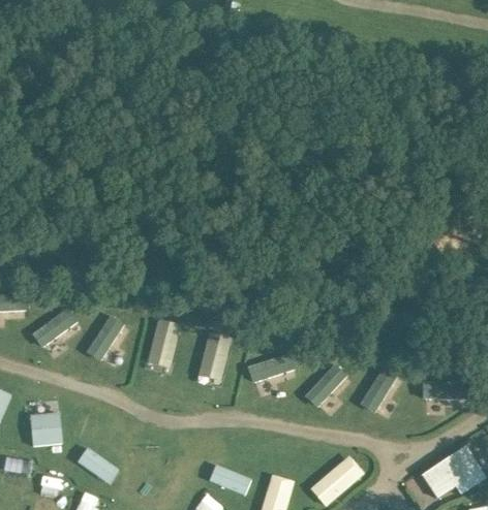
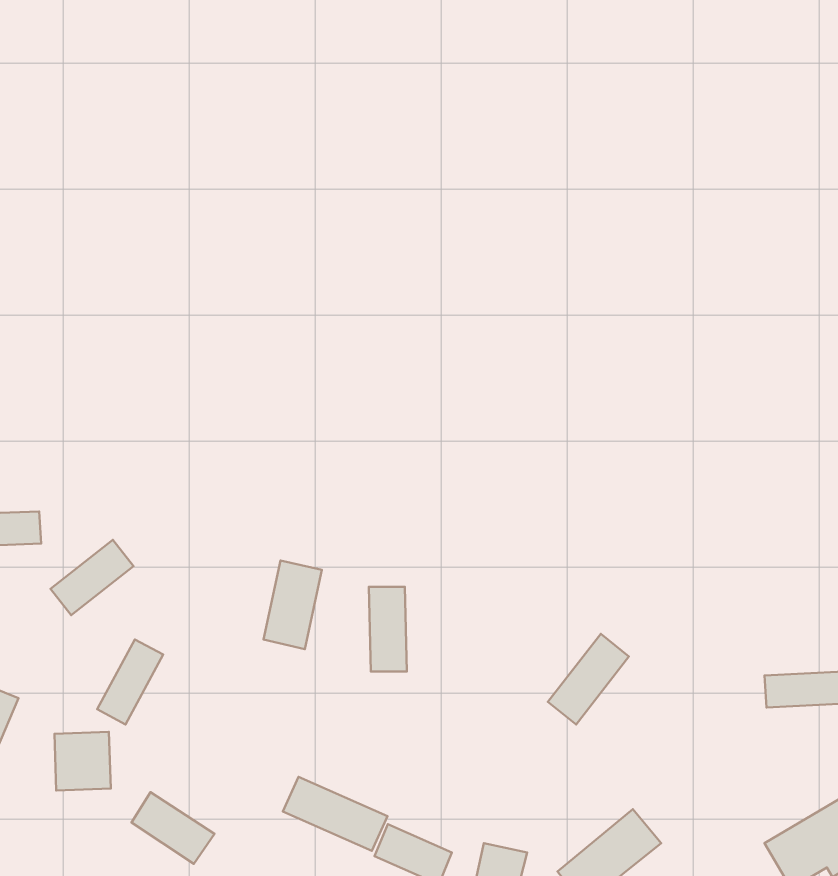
building: [86,315,122,361] -> [97,640,163,724]
building: [247,355,295,381] -> none
building: [359,365,397,414] -> none
building: none -> [283,777,388,851]

